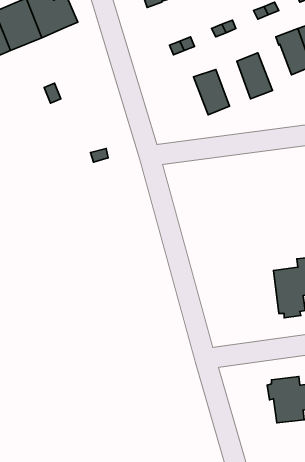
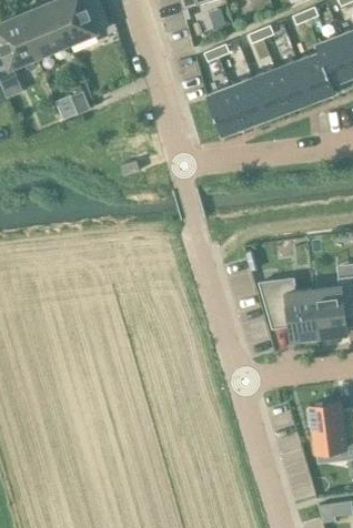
building: none -> [297,51,336,100]
building: none -> [253,69,290,116]
building: none -> [206,85,245,134]
building: none -> [260,278,320,339]

